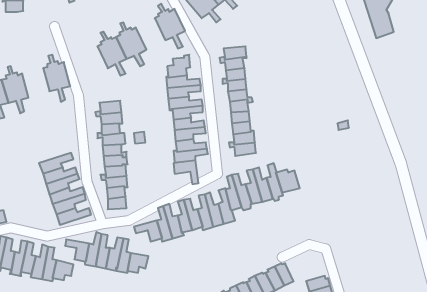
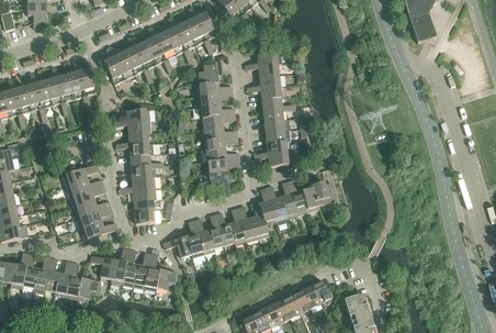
building: none -> [165,15,195,63]
building: none -> [103,45,135,84]
building: none -> [45,65,74,114]

